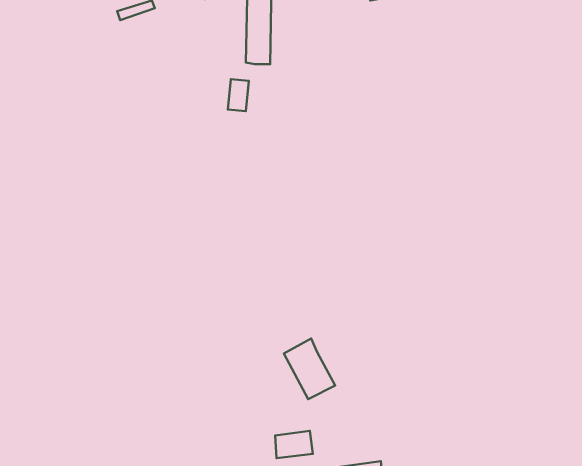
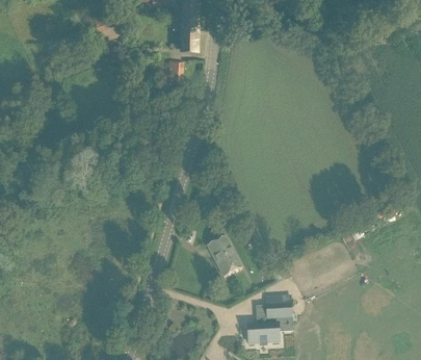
building: [275,431,313,458] -> [262,303,288,322]

